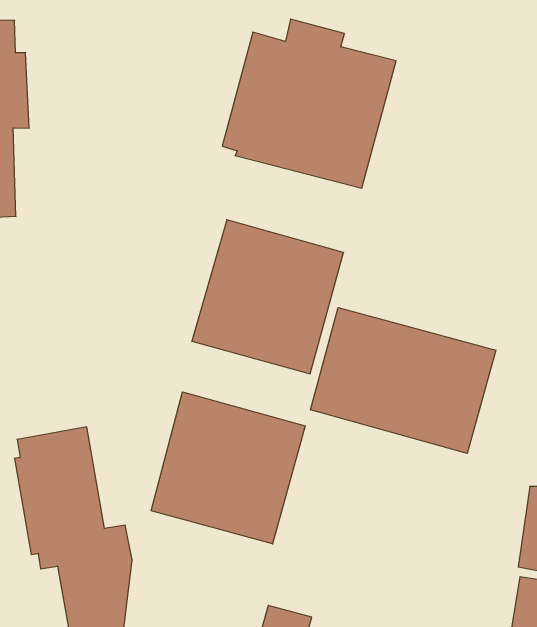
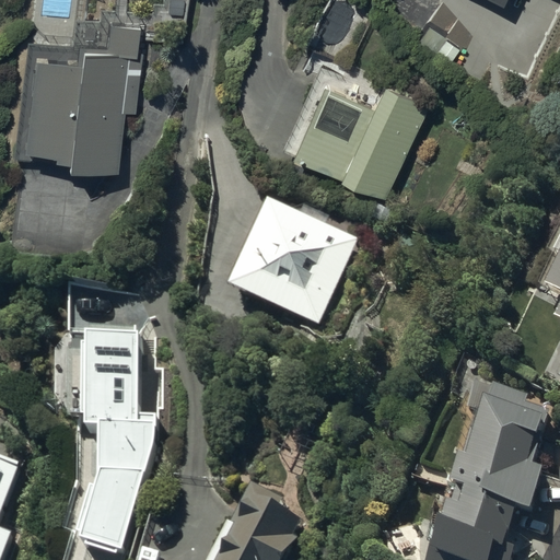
building: [311,308,496,453] -> none
building: [151,392,305,544] -> none

